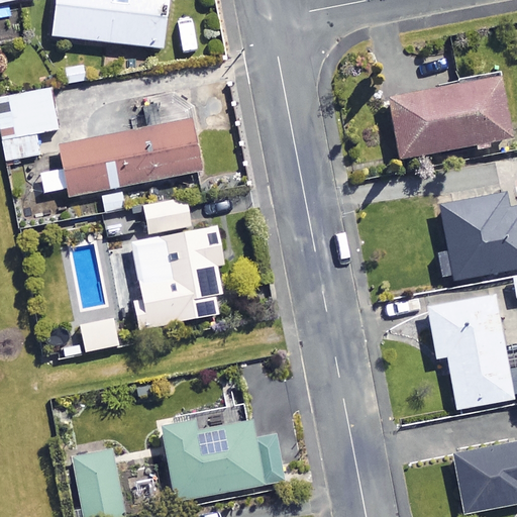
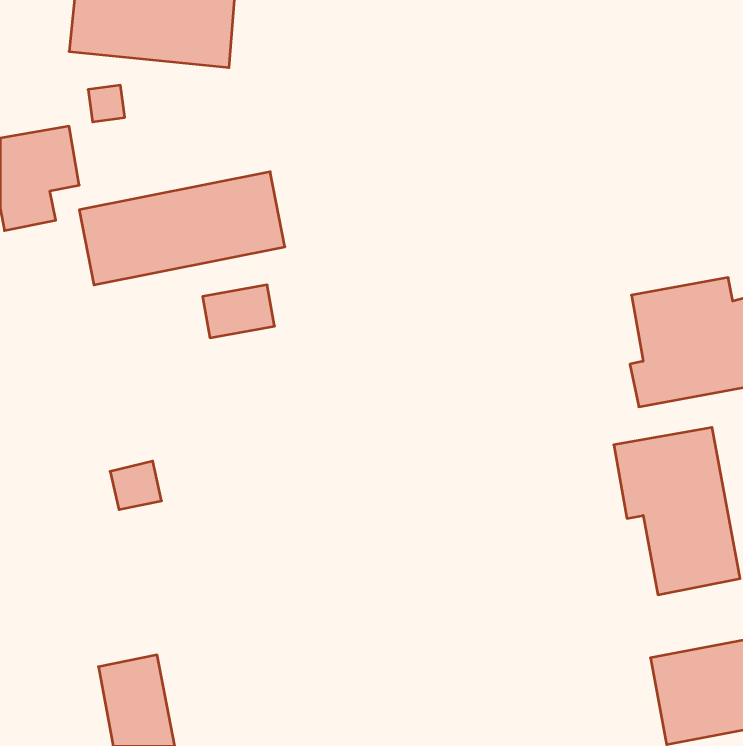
building: [387,76,510,159] -> none
building: [132,225,233,328] -> none
building: [162,419,285,500] -> none

